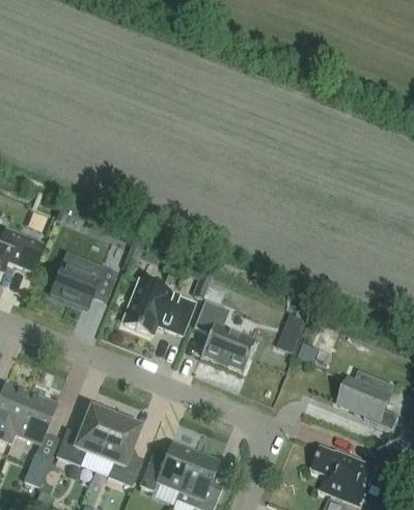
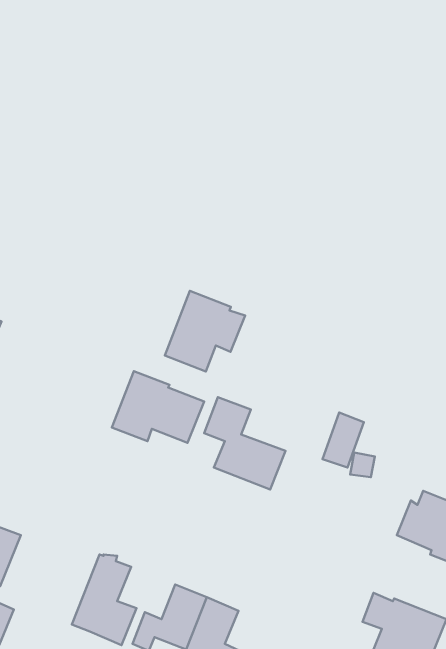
building: none -> [165,291,245,372]
building: [50,254,116,308] -> none
building: [55,408,114,471] -> none

